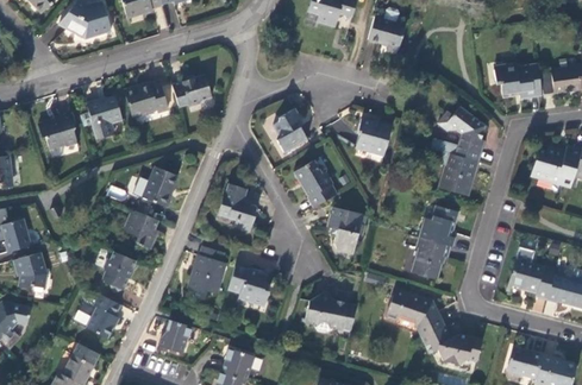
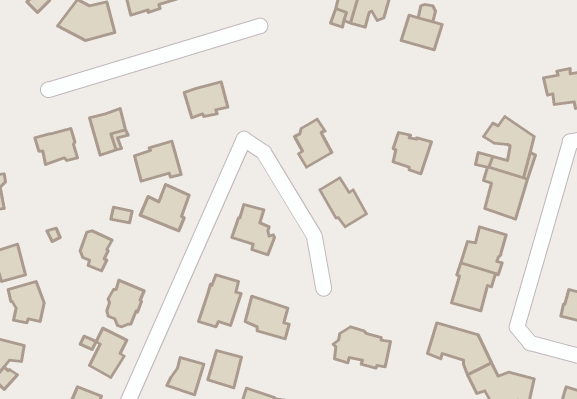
building: [126,80,168,115] -> [135,141,181,181]
building: [328,208,367,253] -> none
building: [131,213,159,248] -> [80,231,112,271]
building: none -> [208,351,241,388]

